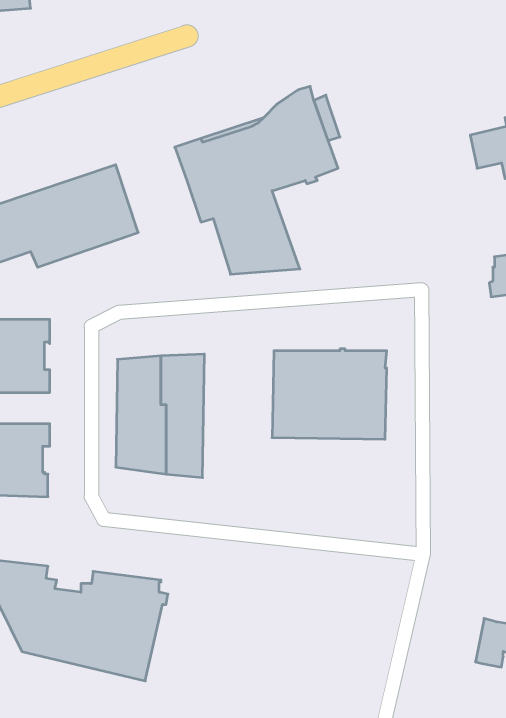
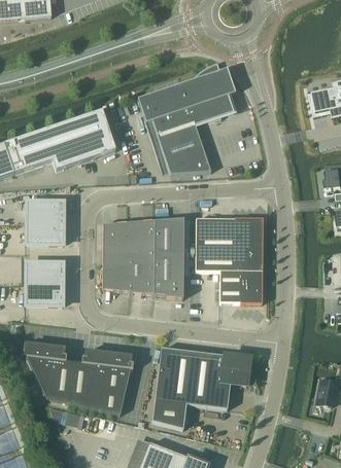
building: none -> [155,219,184,298]
building: none -> [220,272,263,303]
building: none -> [154,348,250,429]

